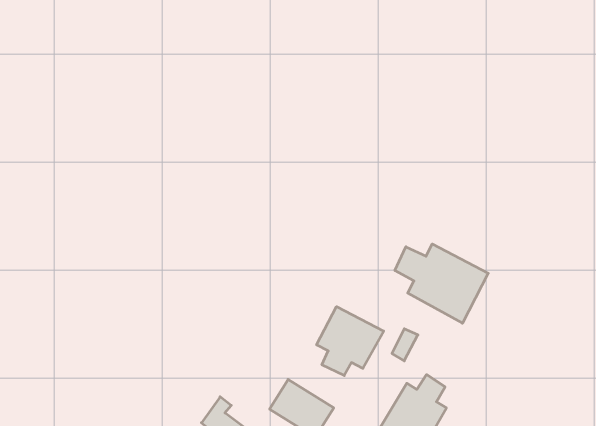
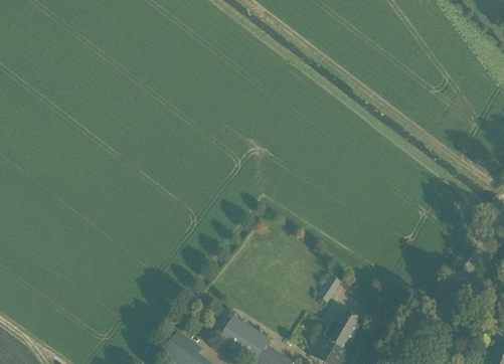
building: [395,244,488,323] -> none
building: [317,307,384,376] -> none

